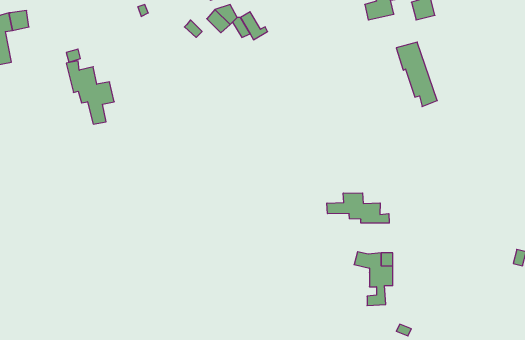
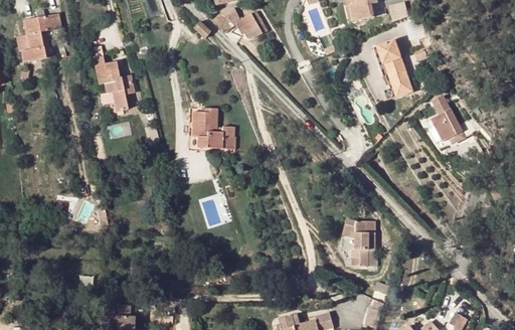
building: none -> [431,95,473,140]
building: none -> [188,107,235,149]
building: [327,193,389,223] -> none

